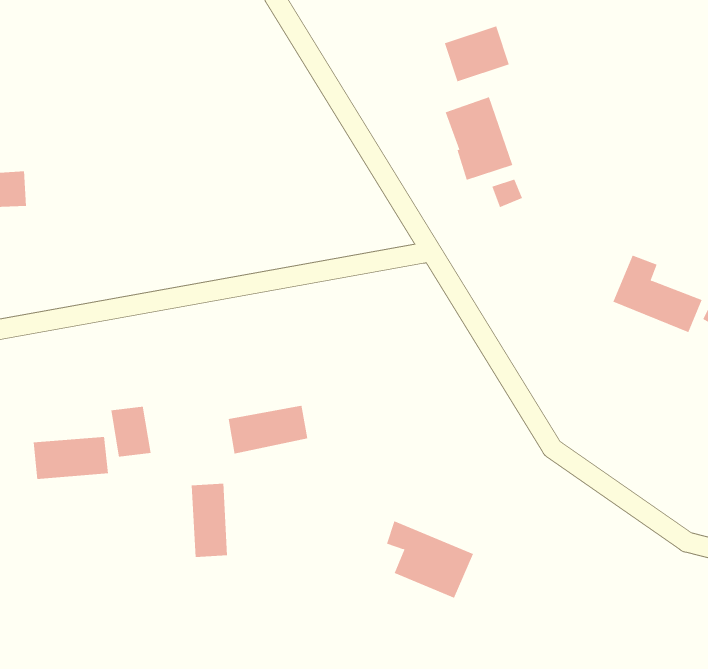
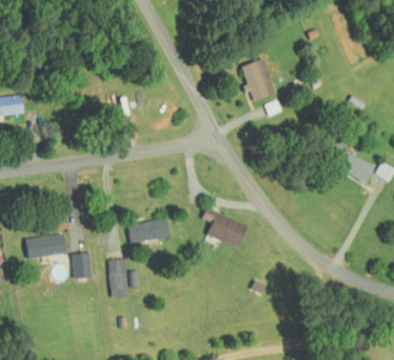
building: [444,26,509,82] -> none
building: [110,406,151,457] -> [70,252,92,279]
building: [386,521,474,599] -> [202,207,247,248]

